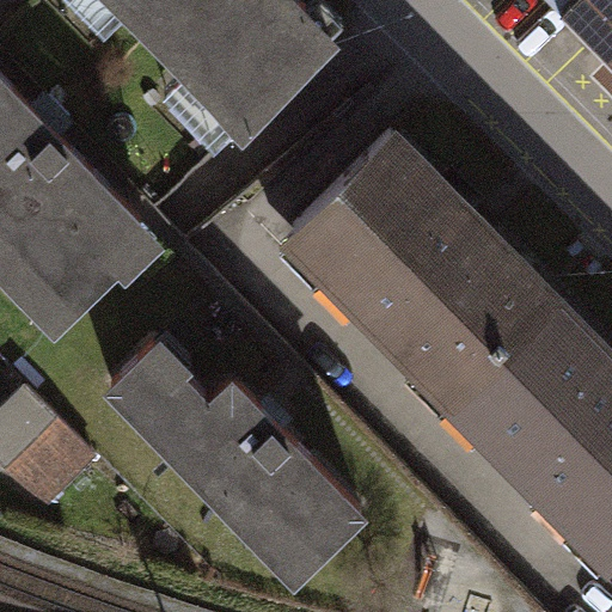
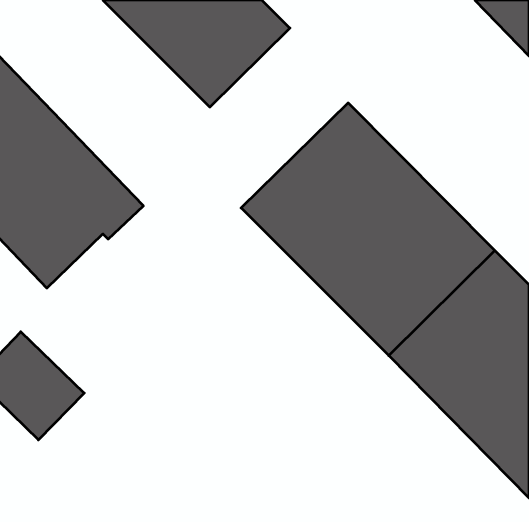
building: [105,341,368,590] -> none

